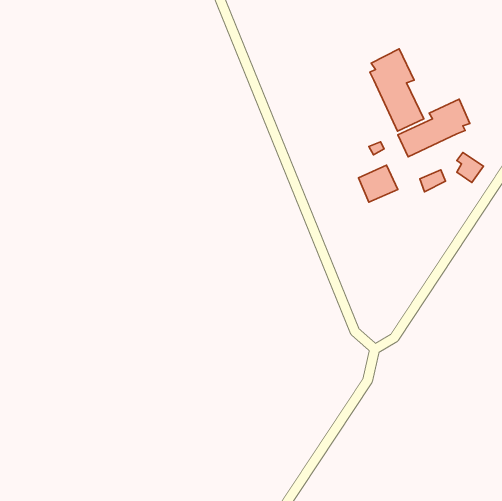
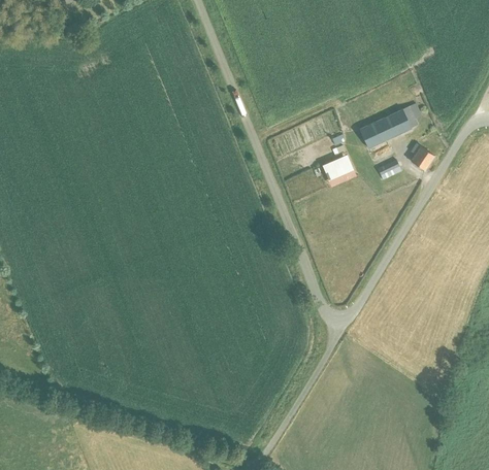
building: [370,49,424,131] -> none

